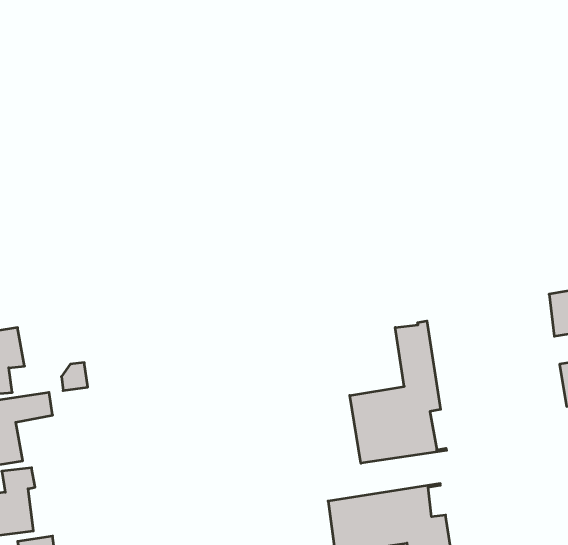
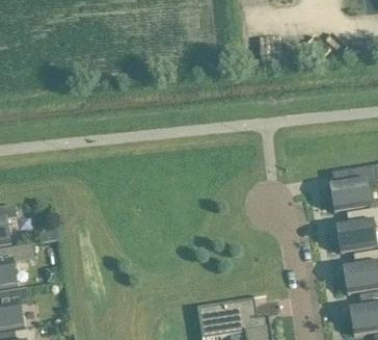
building: [350,321,447,463] -> none

